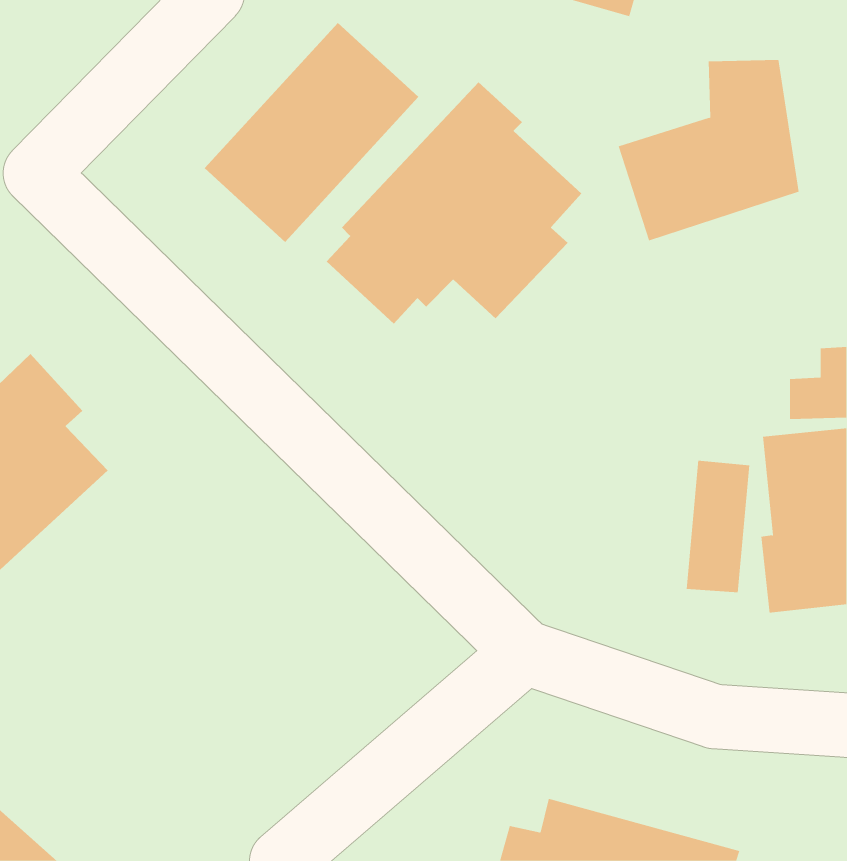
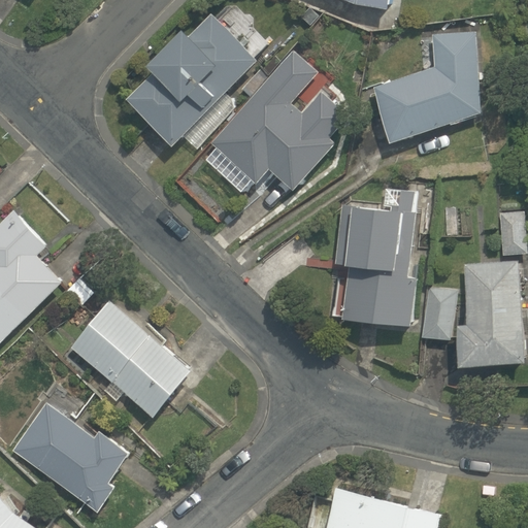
building: none -> [325,184,417,329]
building: none -> [66,299,198,421]
building: none -> [9,401,135,514]

